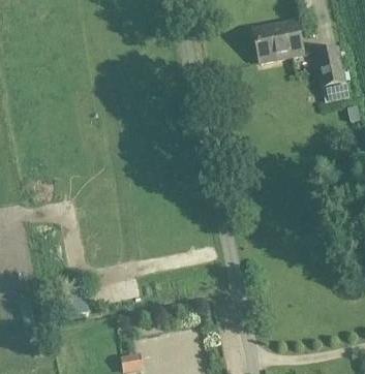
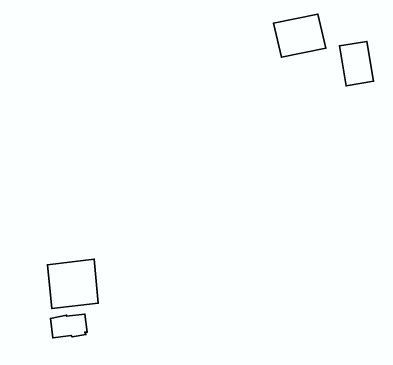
building: none -> [48,259,98,309]

